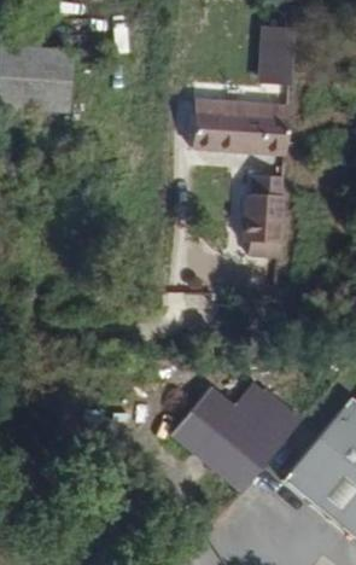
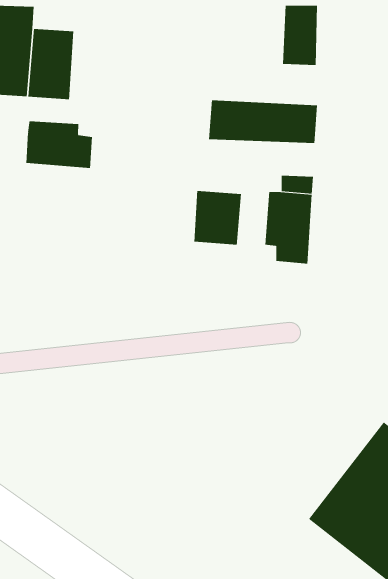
building: none -> [26,120,92,169]
building: none -> [194,190,241,245]
building: [169,383,300,495] -> none

